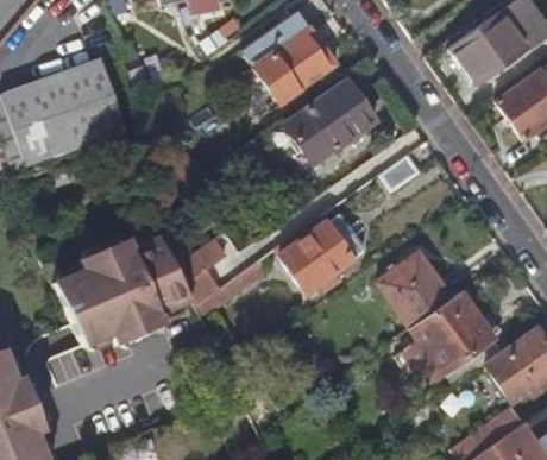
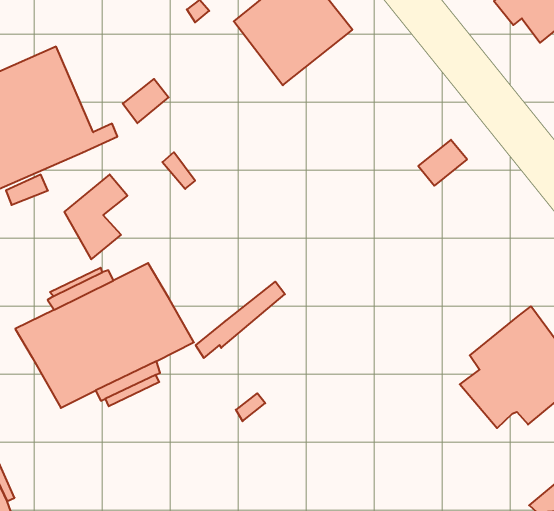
building: [284,80,376,165] -> none
building: [275,207,366,295] -> none
building: [175,238,226,304] -> [64,174,127,259]
building: [378,251,452,327] -> none

